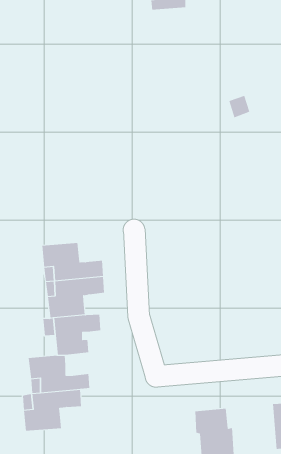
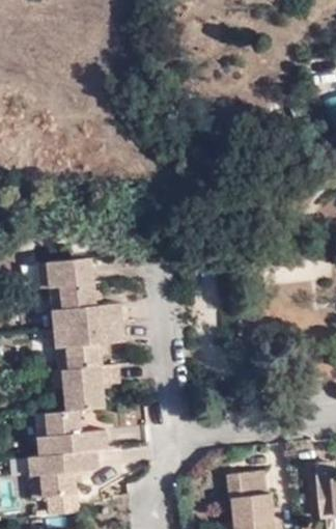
building: none -> [41,258,94,287]

